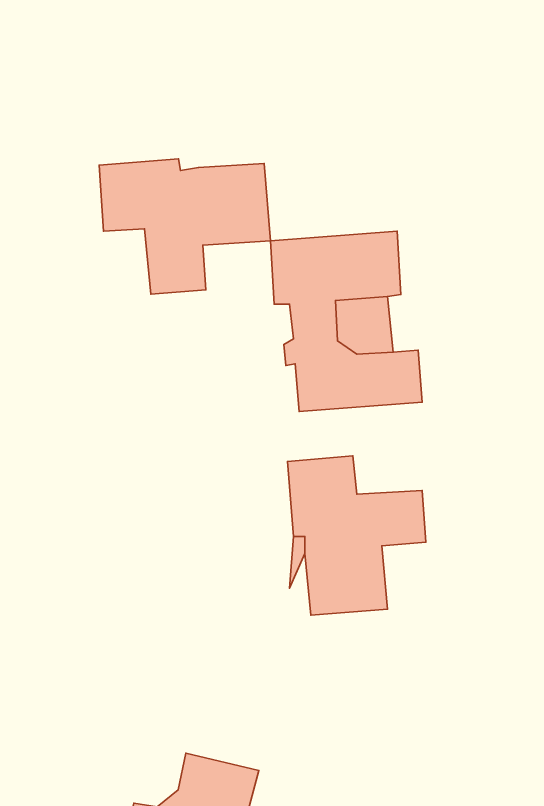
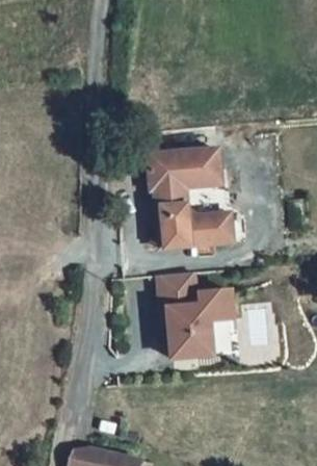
building: [99,159,270,294] -> none

